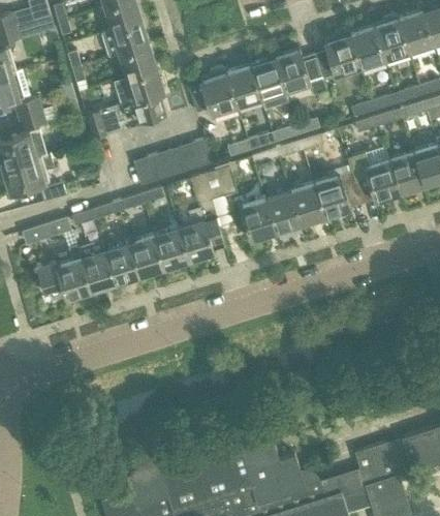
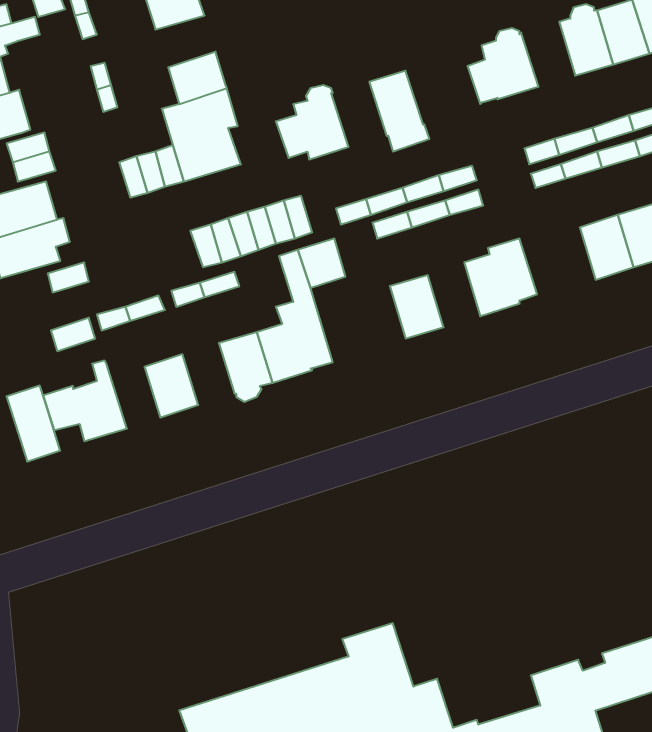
building: [101,22,149,59] -> none
building: [348,26,383,68] -> none
building: [273,50,326,98] -> none
building: [224,65,260,108] -> none
building: [347,154,397,204] -> none
building: [287,183,321,225] -> none
building: [238,199,273,241] -> none
building: [127,236,161,276] -> none
building: [77,242,113,292] -> [6,386,60,462]

